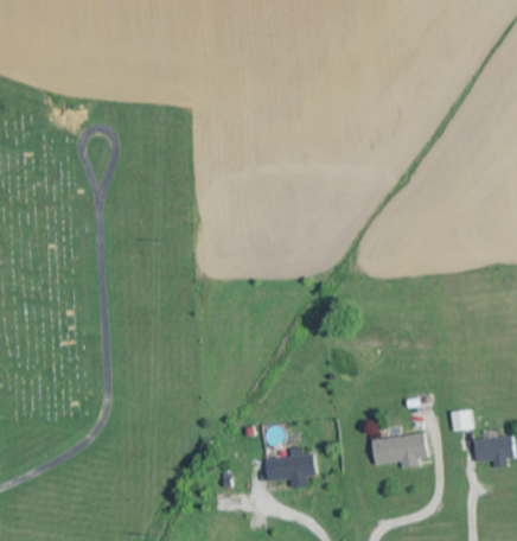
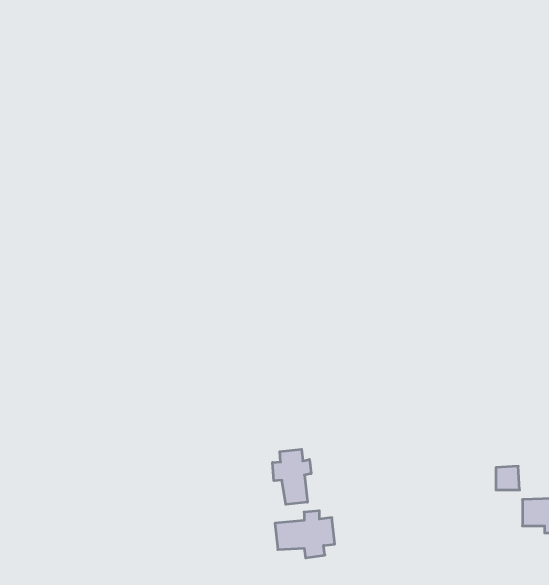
building: none -> [273,449,311,504]
building: [371,434,426,467] -> none

